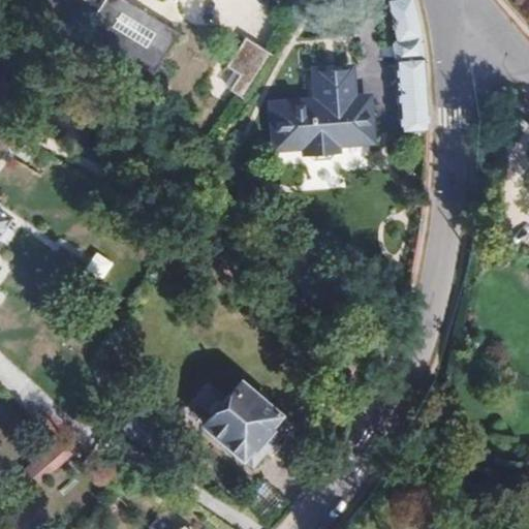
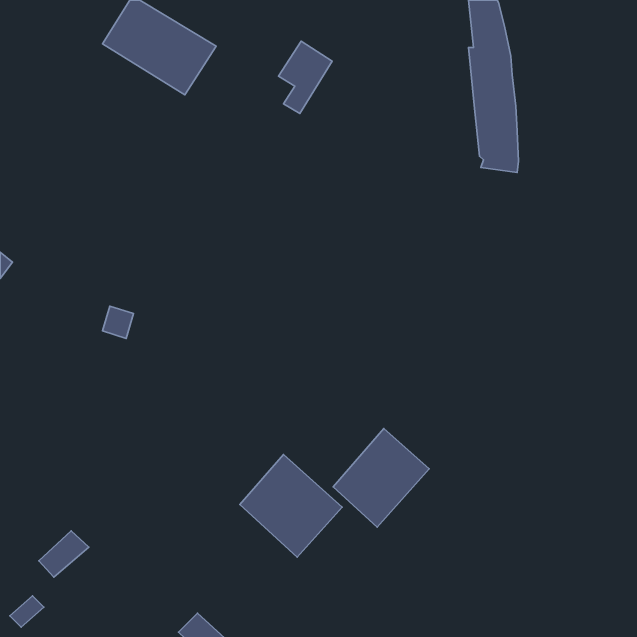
building: [274,66,370,158] -> none
building: none -> [333,429,429,527]

